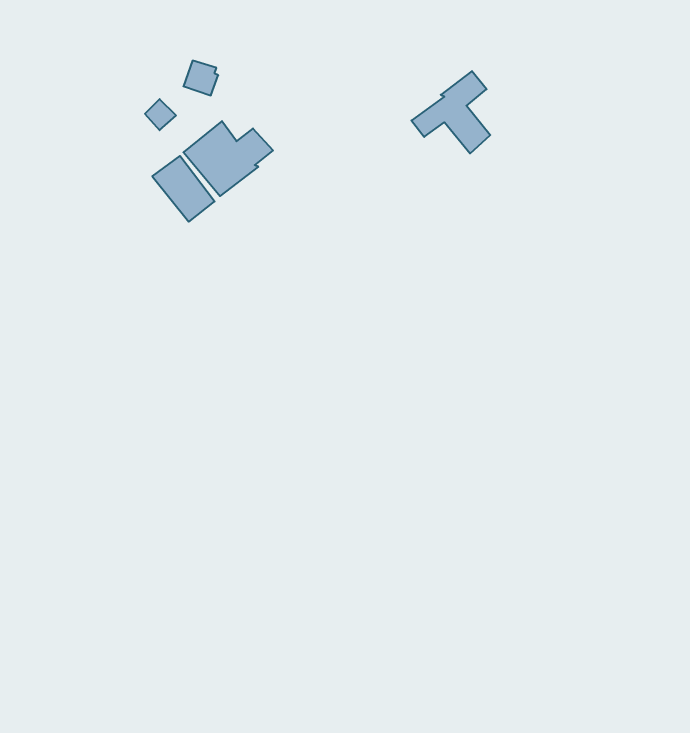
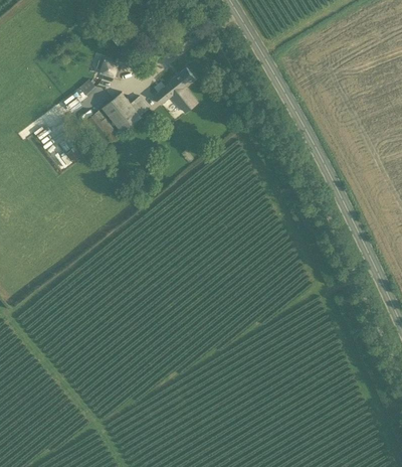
building: [411,71,490,153] -> [154,68,197,114]

